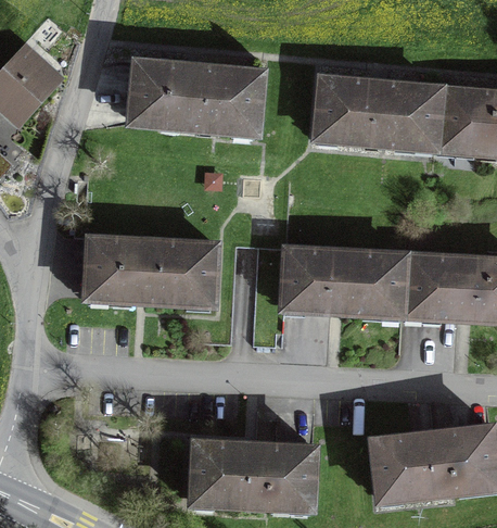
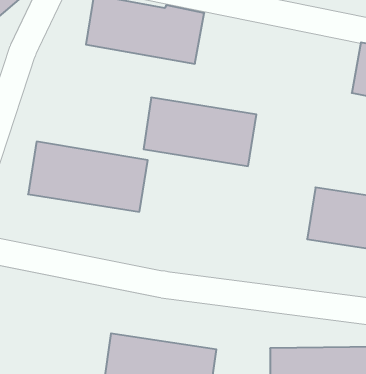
building: [315,79,438,147] -> none
building: [283,250,405,315] -> [144,98,256,166]

